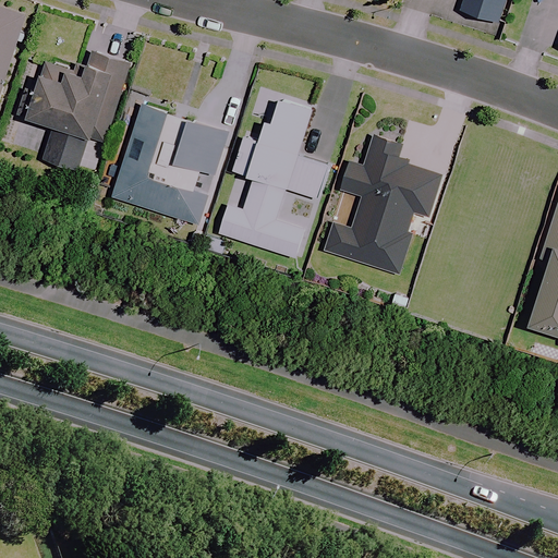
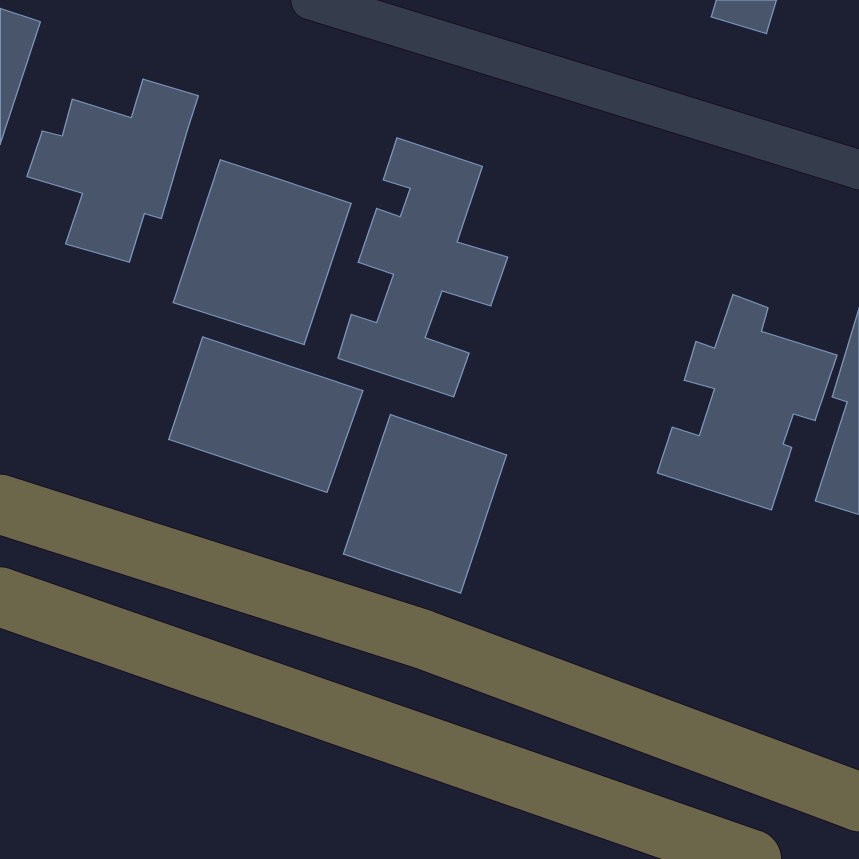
building: [325,135,441,275] -> [657,295,837,510]
building: none -> [169,337,363,492]
building: none -> [343,414,507,593]

